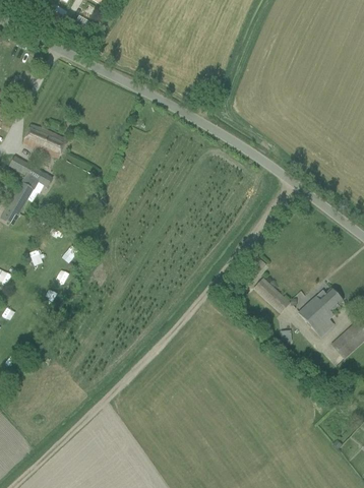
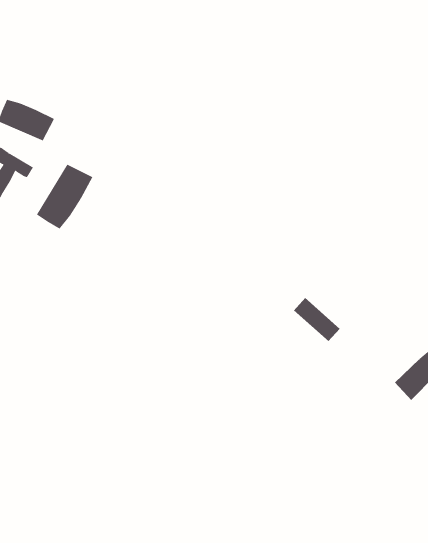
building: none -> [36,164,93,229]
building: [298,288,342,337] -> none

